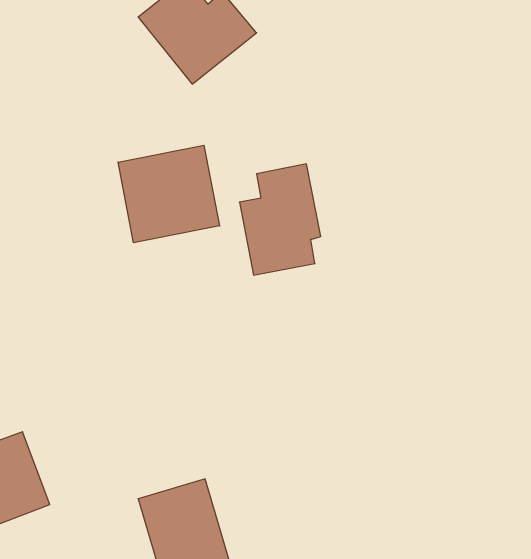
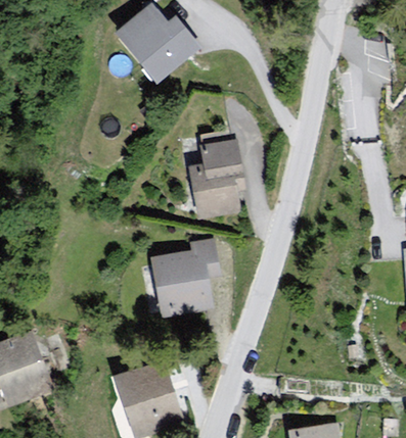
building: [118,145,220,243] -> none
building: none -> [150,240,219,317]

